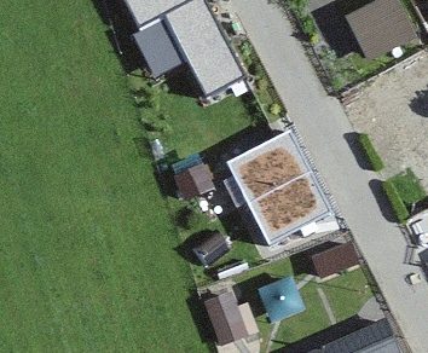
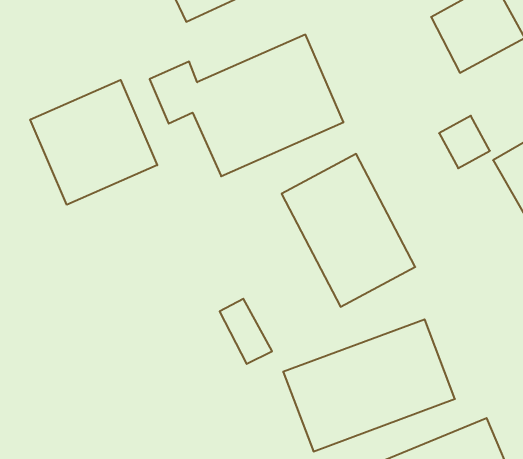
building: none -> [30,80,157,205]

